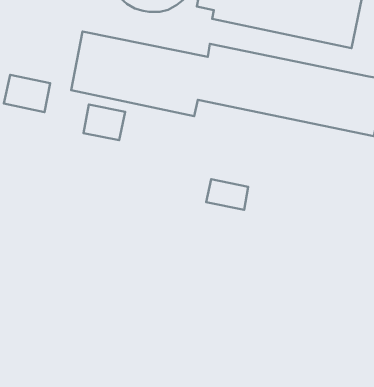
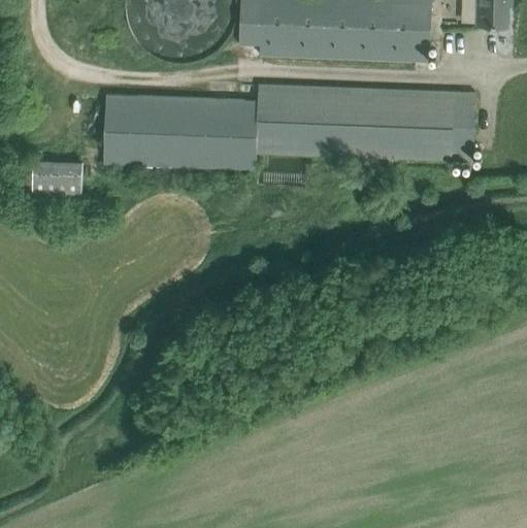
building: [83,105,125,140] -> none
building: [206,179,248,210] -> none

